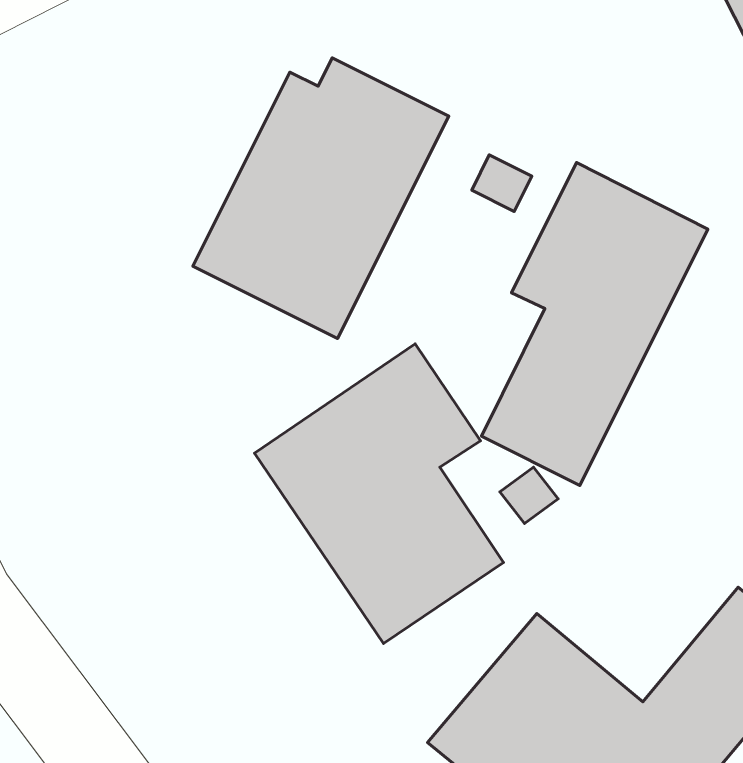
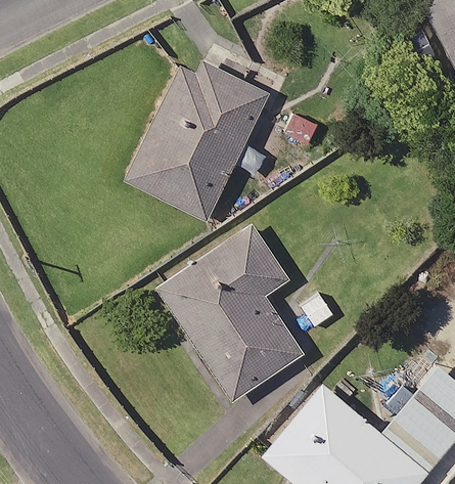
building: [481,162,708,485] -> none

